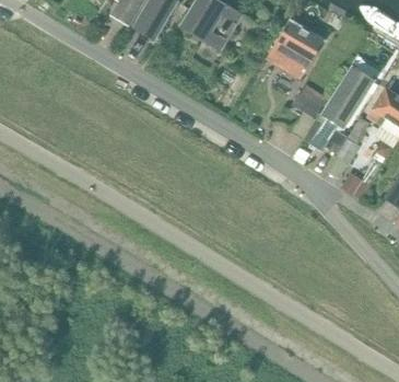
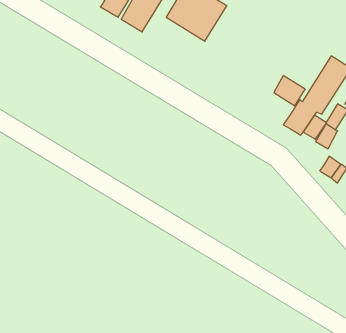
building: [266,18,325,78] -> none

